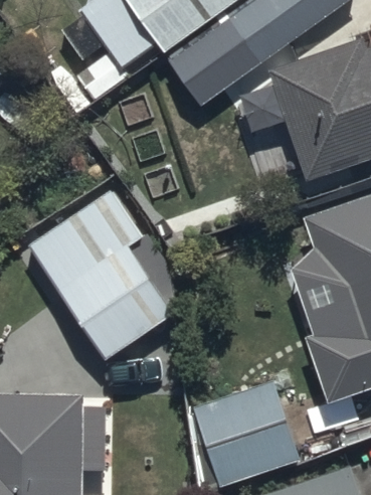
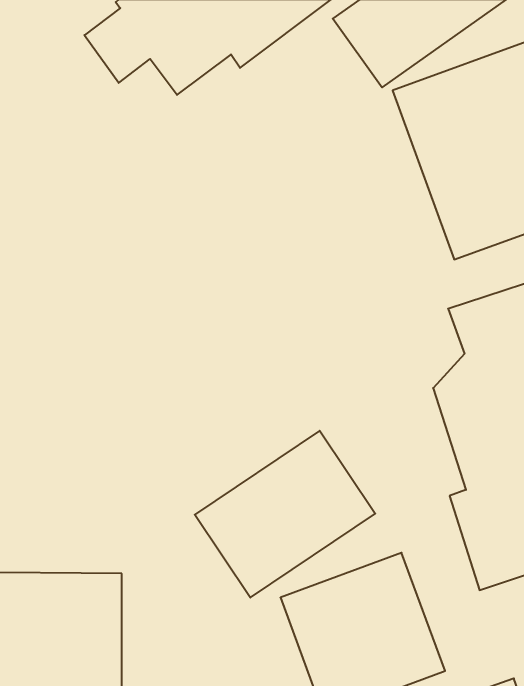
building: [27,189,177,361] -> none
building: none -> [195,431,375,598]

